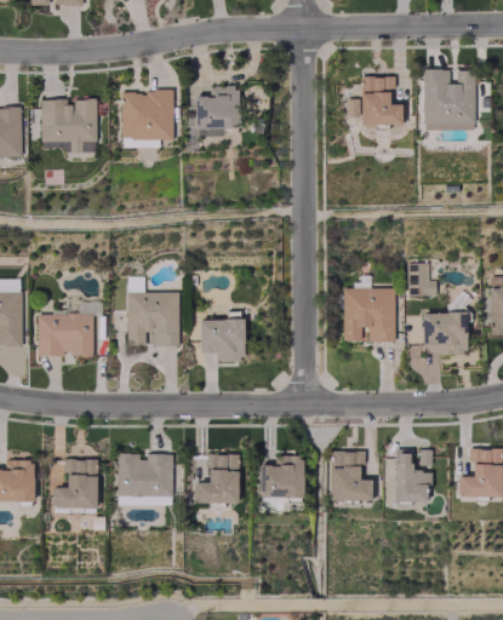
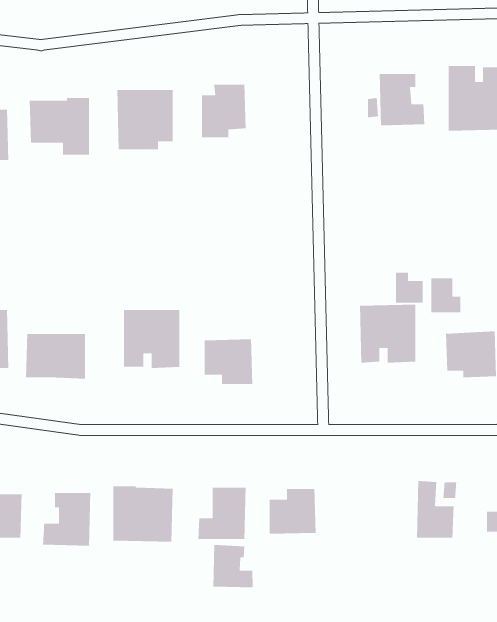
building: none -> [395,272,424,303]
building: [331,450,372,500] -> none
building: none -> [212,544,253,588]

